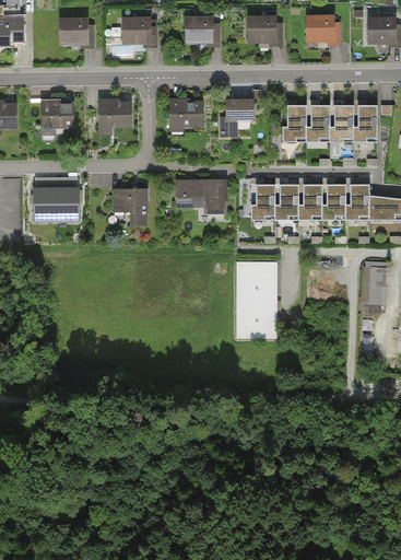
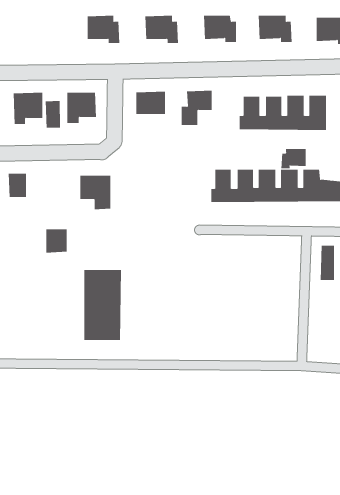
building: [57,19,93,48] -> none
building: none -> [45,100,60,128]
building: none -> [281,148,306,169]
building: [175,179,224,214] -> none
building: [55,187,79,213] -> [45,229,68,253]
building: [237,259,279,336] -> [83,270,122,341]

